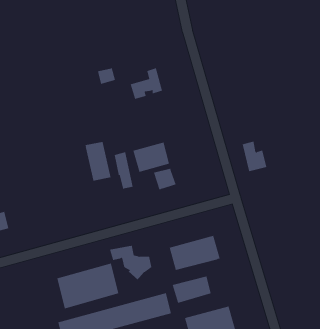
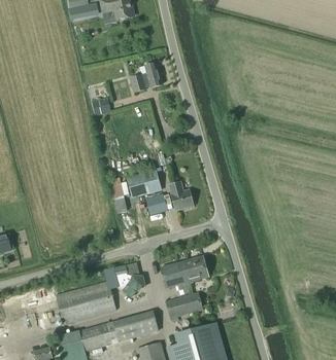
building: [130,68,163,100] -> [130,63,161,93]
building: [242,141,267,172] -> [169,181,193,210]
building: [85,141,111,181] -> none

